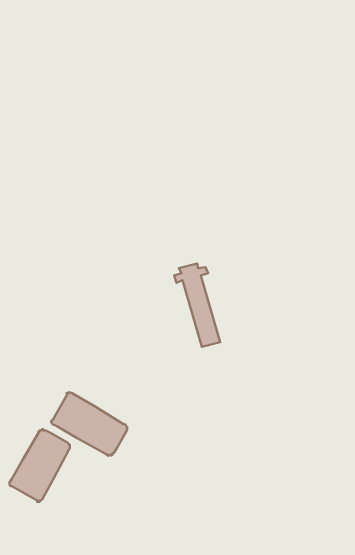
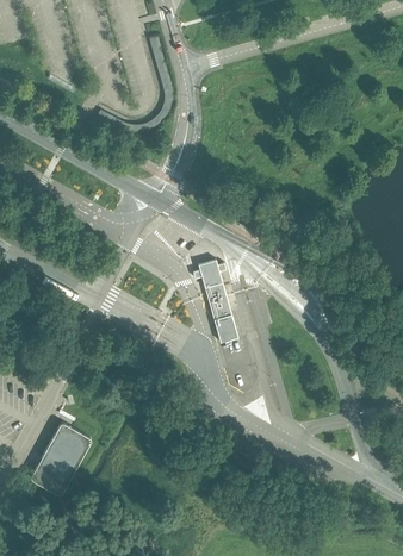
building: [51,392,127,456] -> none

